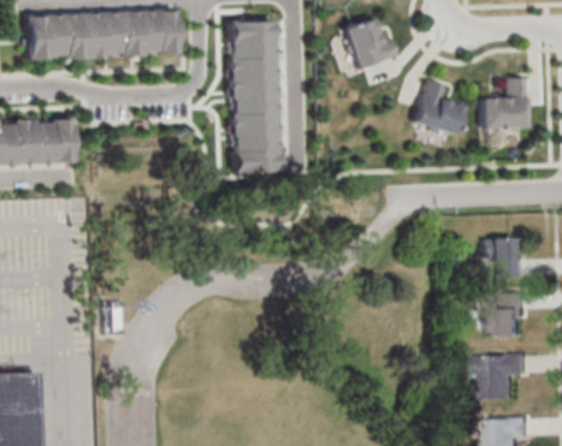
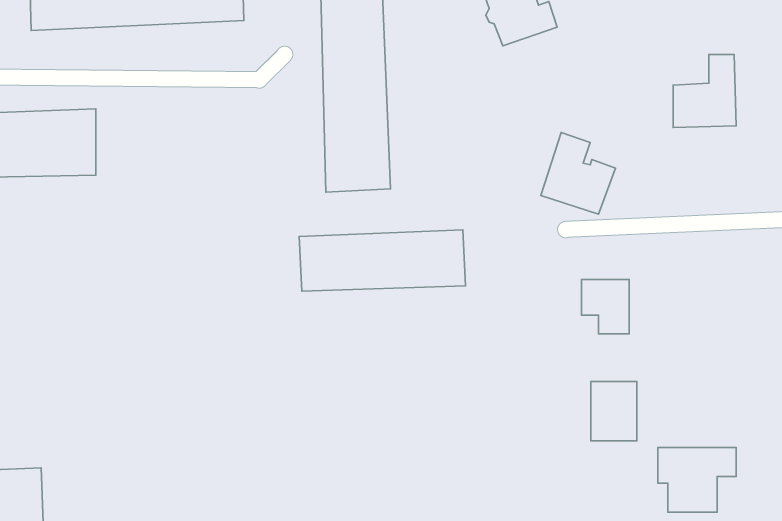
building: [412,78,465,136] -> [541,132,616,214]
building: none -> [299,230,466,291]
building: [485,238,519,276] -> [582,279,629,334]
building: [487,293,520,335] -> [591,381,637,441]

